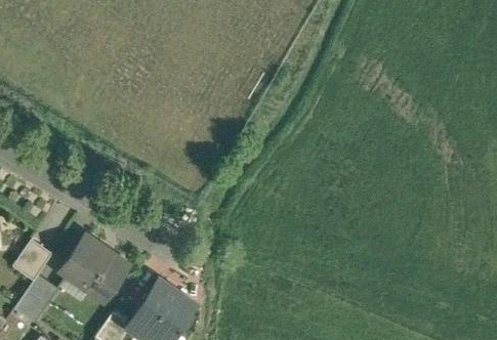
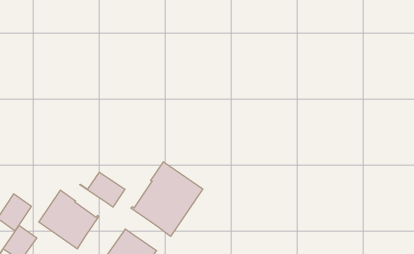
building: none -> [131,162,203,236]
building: none -> [80,172,125,207]

